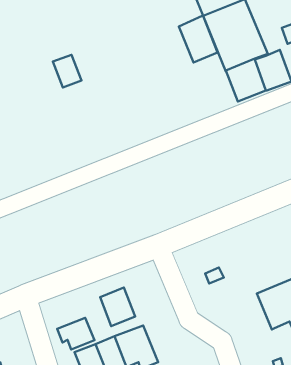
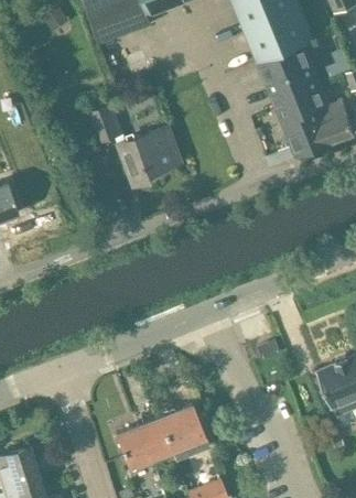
building: [179,15,218,62] -> none
building: none -> [123,127,182,186]
building: [100,288,135,326] -> none
building: [57,318,94,349] -> none

